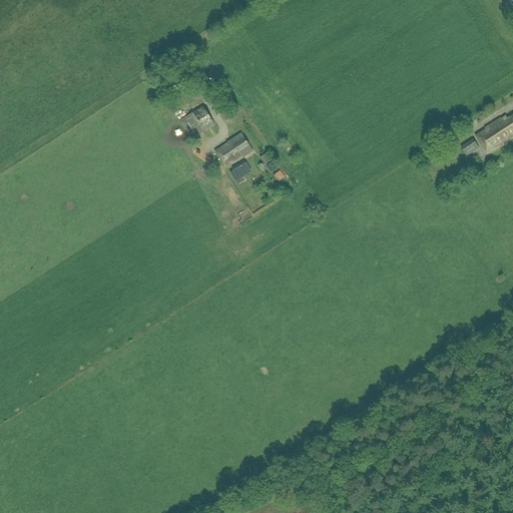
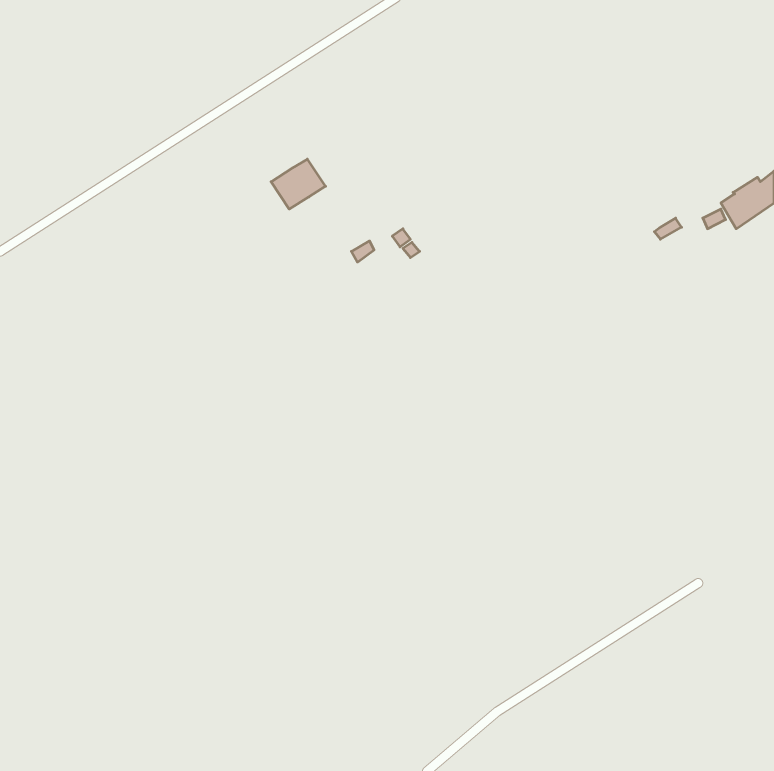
building: [216,132,252,164] -> none

